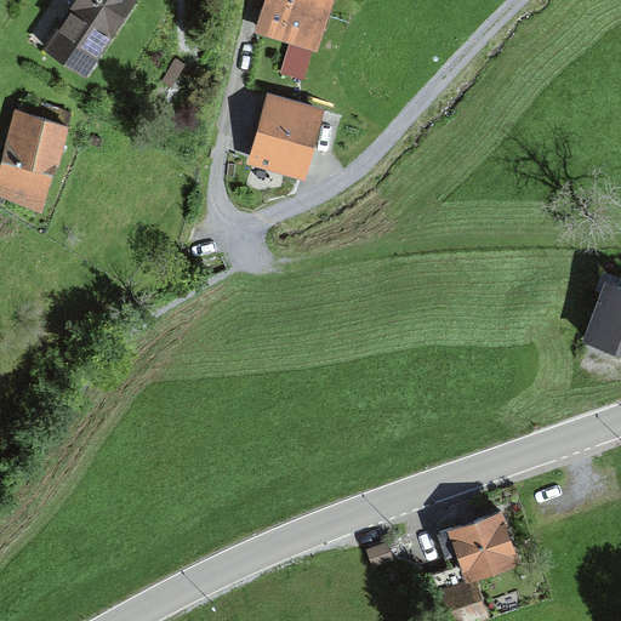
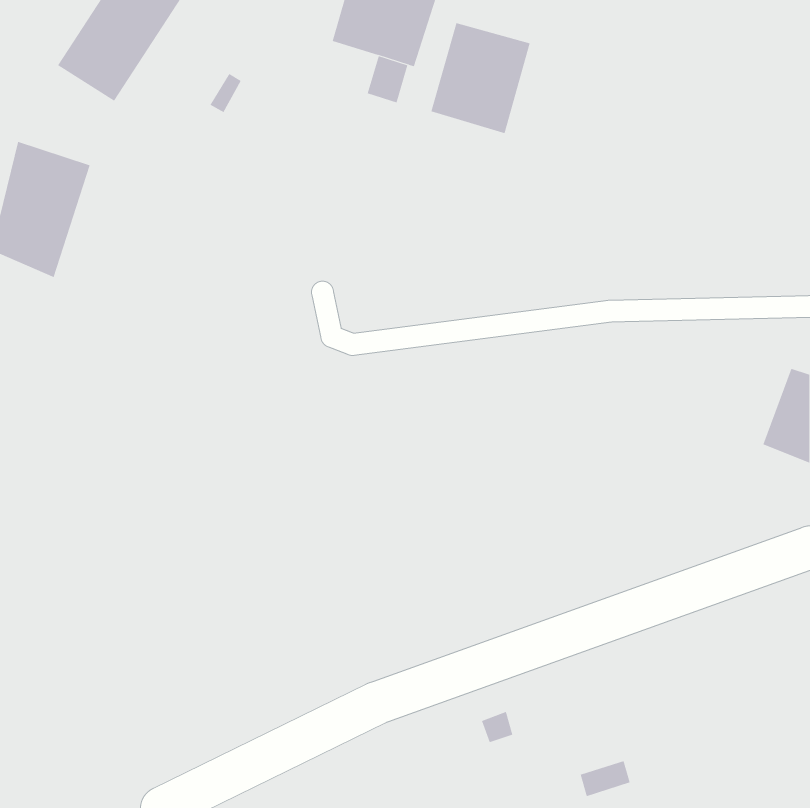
building: [249,93,325,178] -> [430,23,531,134]
building: [435,511,519,581] -> none

